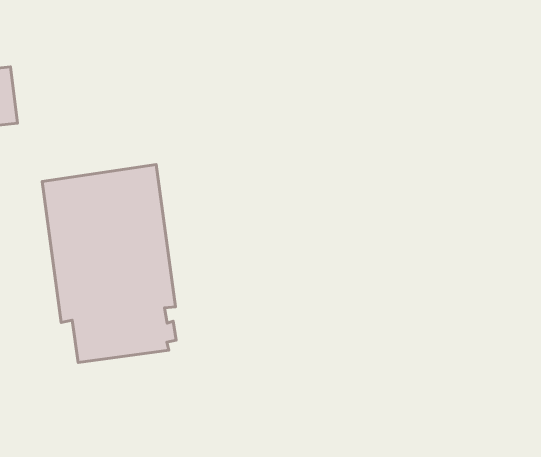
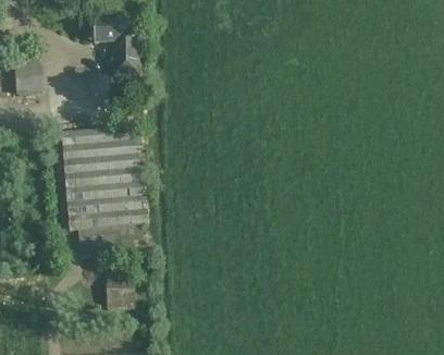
building: none -> [92,21,137,75]
building: none -> [104,270,134,309]

